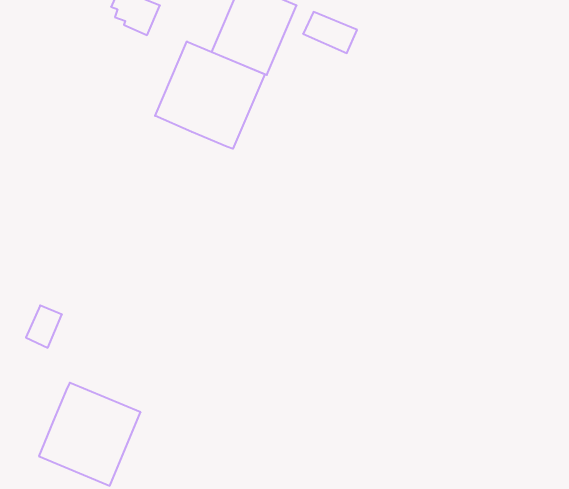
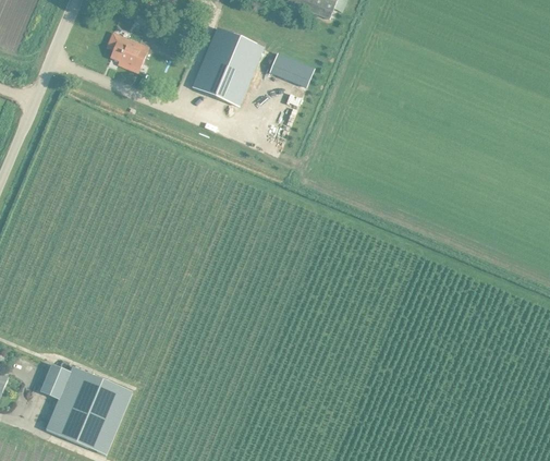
building: [155,41,265,149] -> none
building: [26,305,62,348] -> [39,363,70,399]

